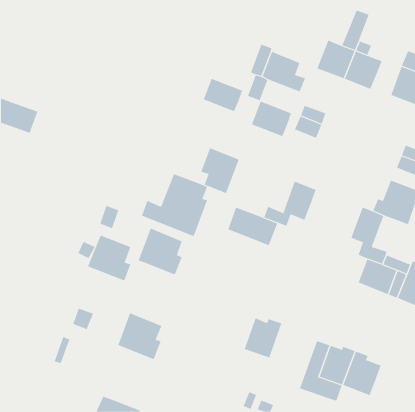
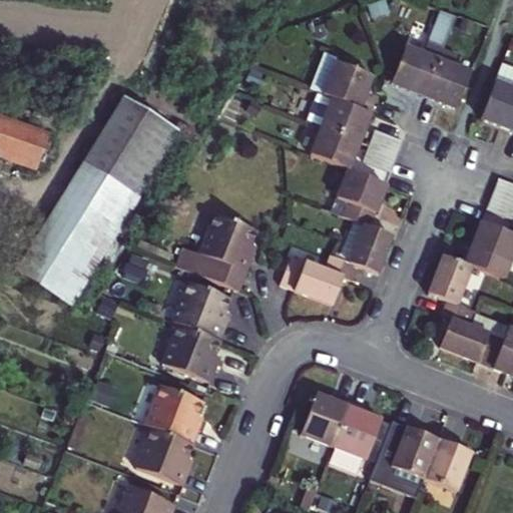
building: [203,78,243,112] -> [322,98,371,139]
building: none -> [25,98,178,303]
building: [200,147,240,194] -> [339,168,387,225]
building: [87,235,131,281] -> [163,324,217,381]
building: none -> [334,398,380,453]
building: none -> [136,427,191,484]

